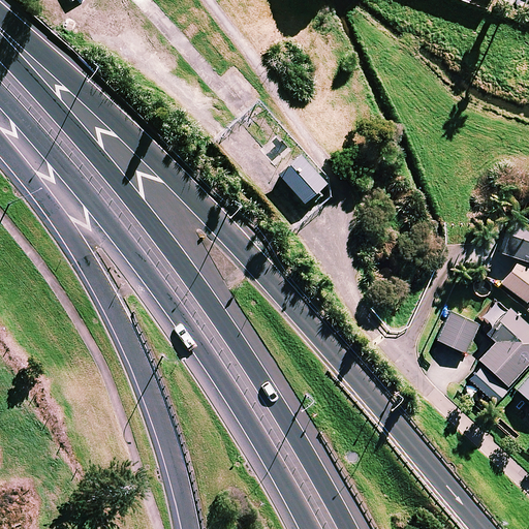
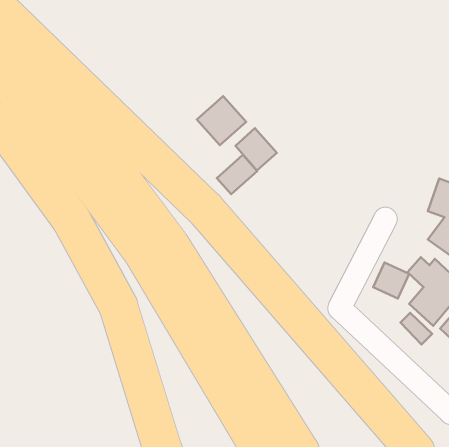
building: none -> [197,96,246,145]
building: none -> [217,155,257,194]

